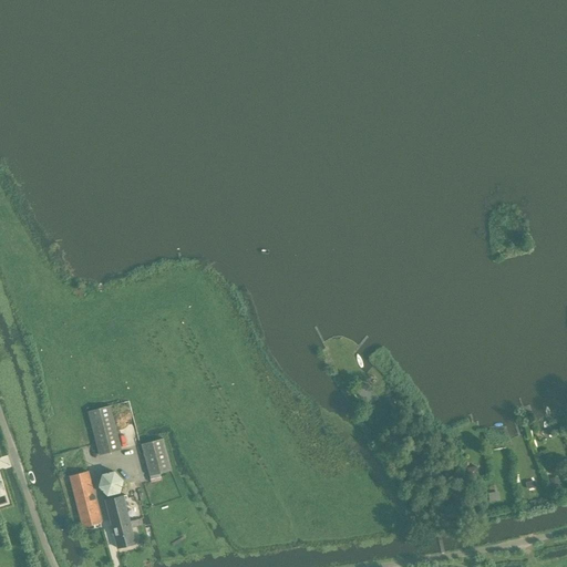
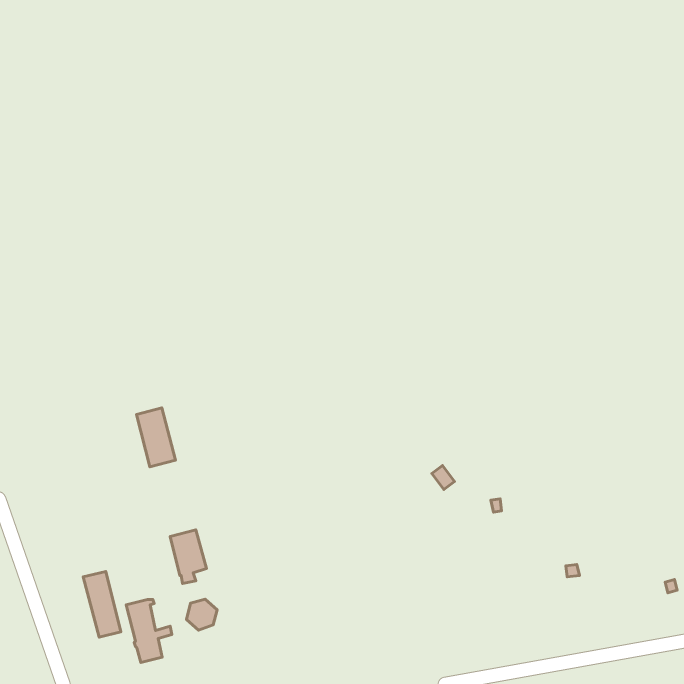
building: [87,405,120,454] -> [136,408,175,467]
building: [97,472,123,497] -> [186,599,217,630]

